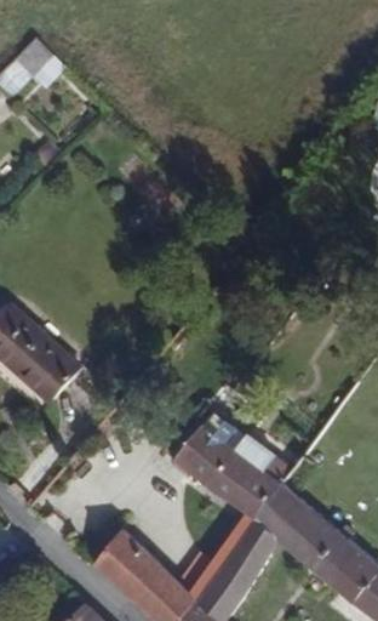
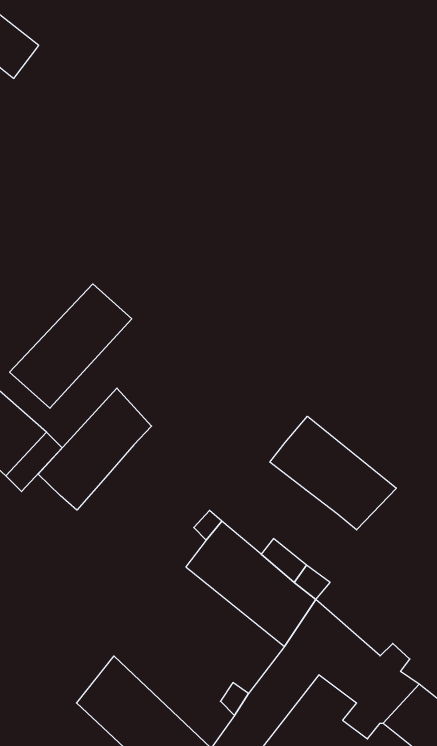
building: none -> [10,284,132,408]
building: none -> [38,388,152,510]
building: none -> [270,416,396,530]

